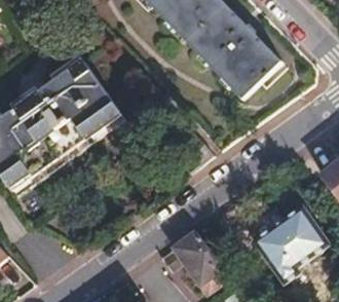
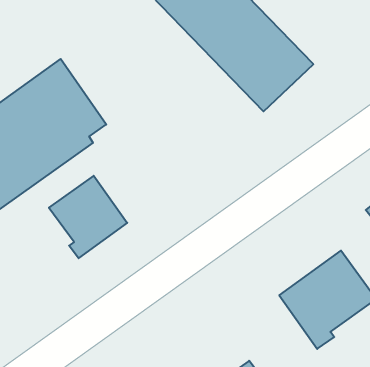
building: none -> [49,176,127,258]
building: [160,229,228,290] -> none

